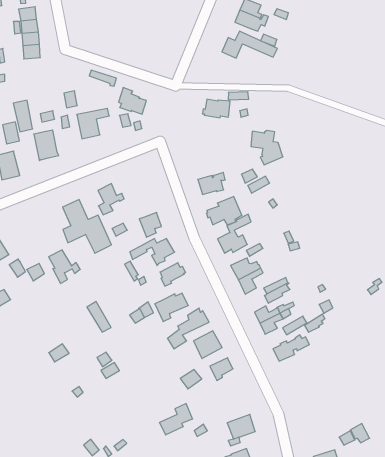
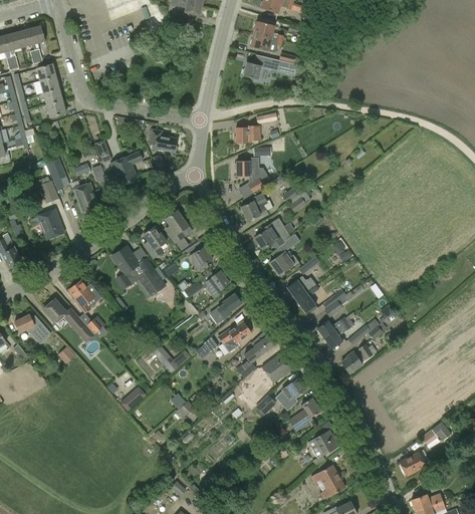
building: [251,131,283,165] -> [236,158,270,192]
building: none -> [165,210,188,242]
building: [49,250,80,283] -> [68,280,101,313]
building: [159,404,193,435] -> [288,397,320,431]

